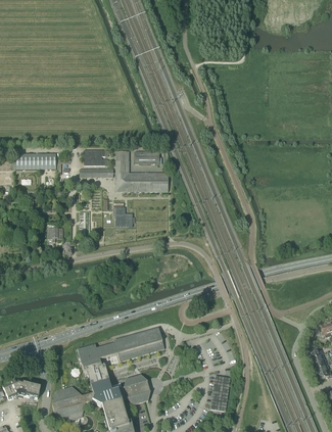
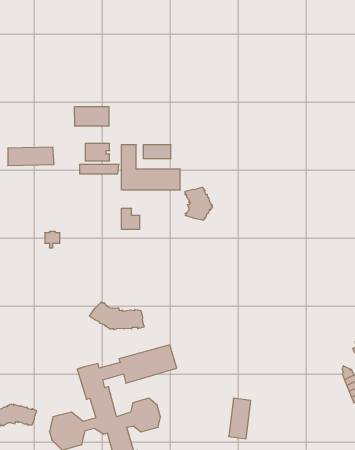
building: none -> [75,107,109,126]
building: none -> [185,187,212,220]
building: none -> [90,302,144,330]

